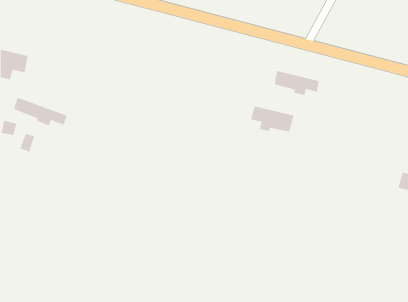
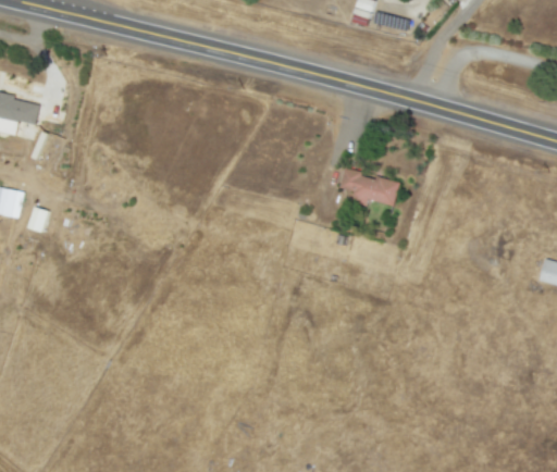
building: [274,70,319,96] -> none
building: [13,97,67,126] -> none

